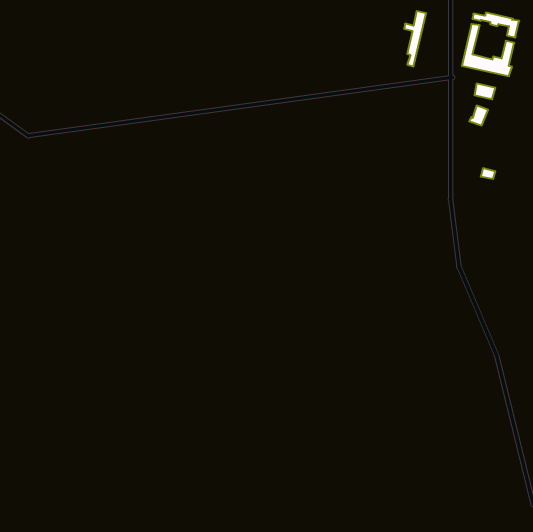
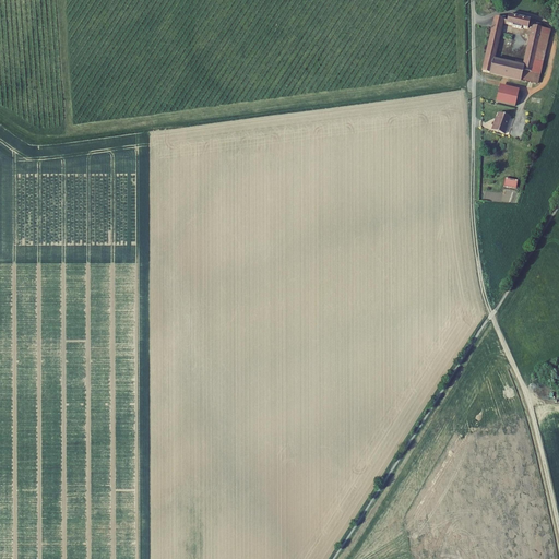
building: [404,11,426,66] -> [528,24,551,82]

